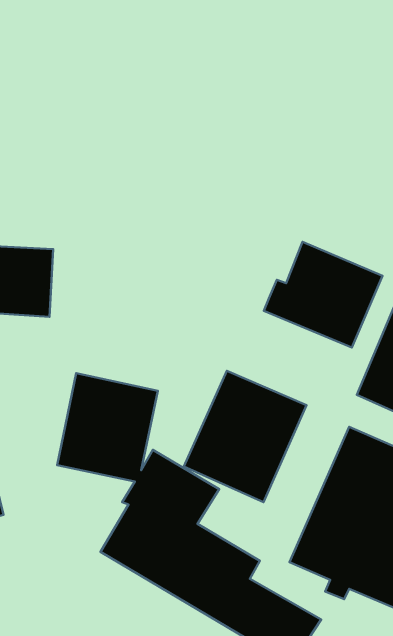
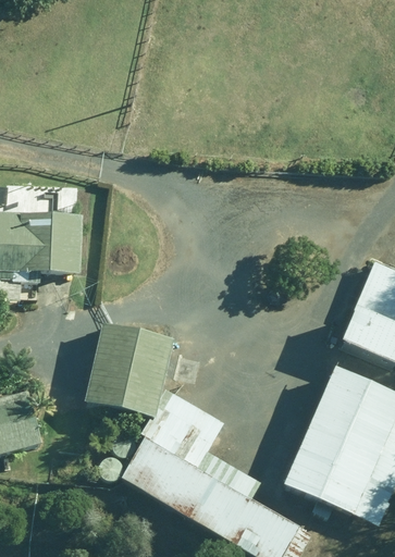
building: [264,242,382,347] -> none
building: [184,371,307,502] -> none

